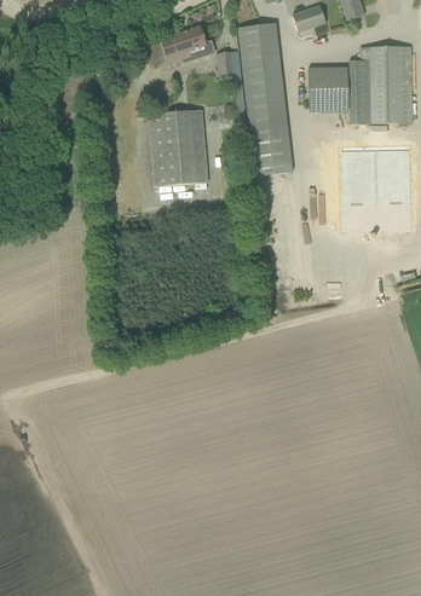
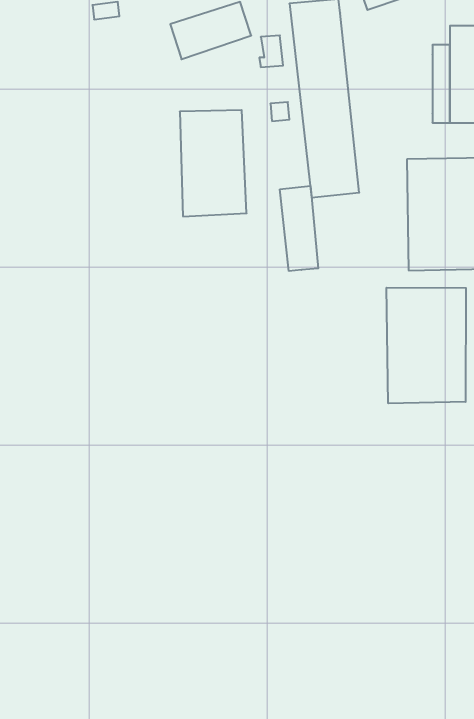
building: [307,66,348,111] -> none
building: none -> [280,186,318,271]
building: none -> [387,288,466,403]

